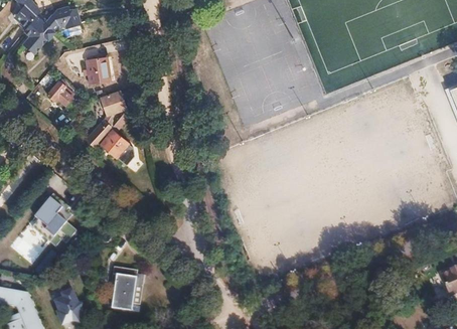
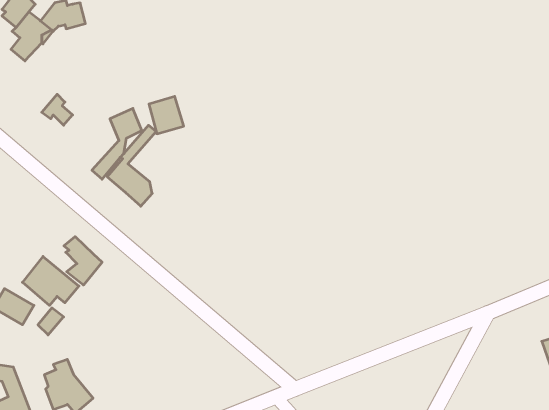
building: [88,55,115,85] -> [149,96,184,134]
building: none -> [64,237,102,285]
building: [112,265,141,306] -> none

